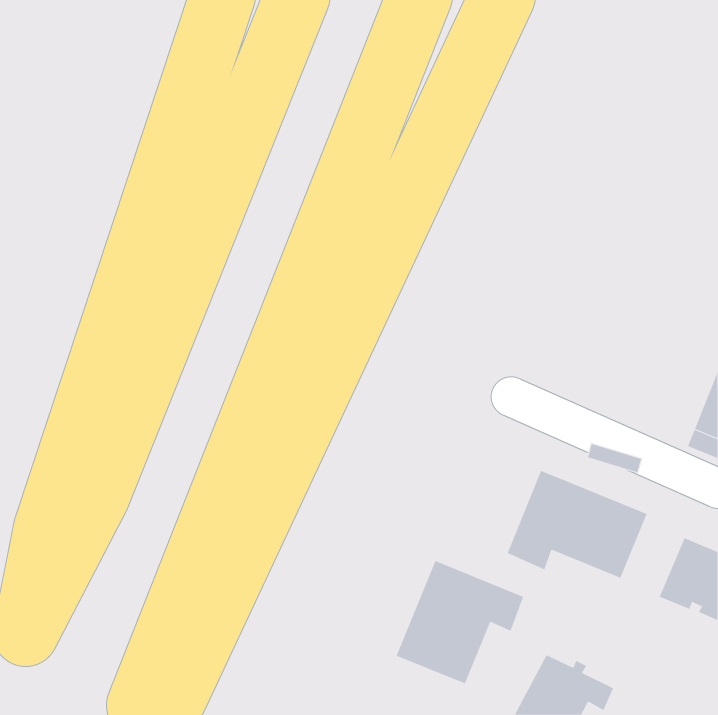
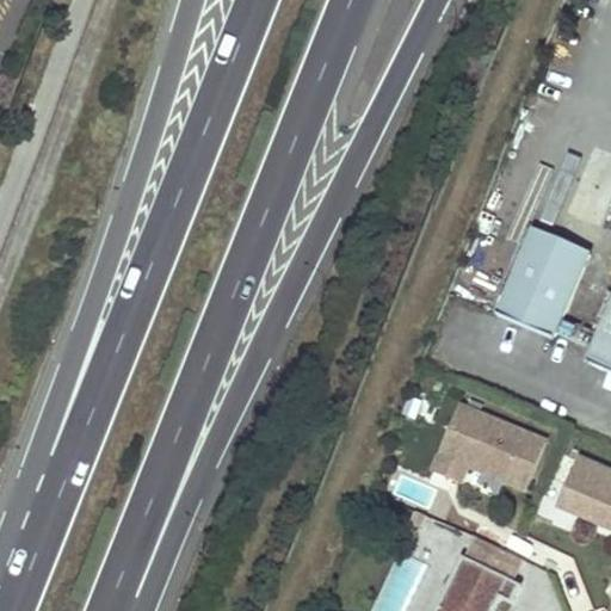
building: none -> [495,228,588,337]
building: [396,560,524,684] -> none

